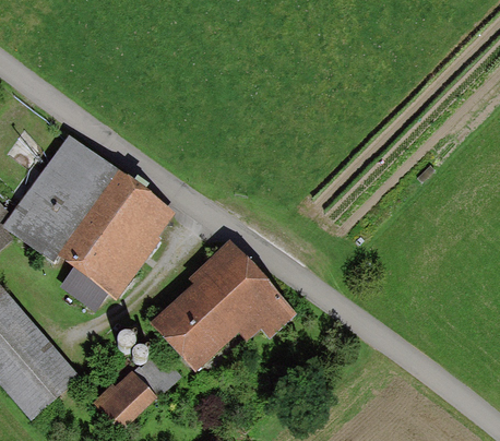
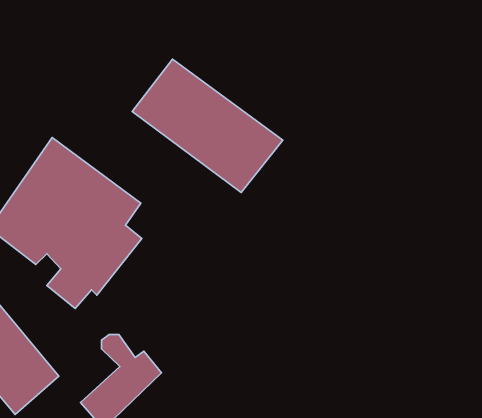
building: none -> [132,59,283,193]
building: [156,241,291,370] -> none

